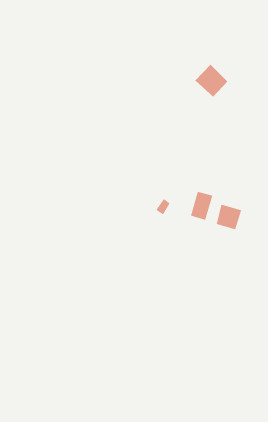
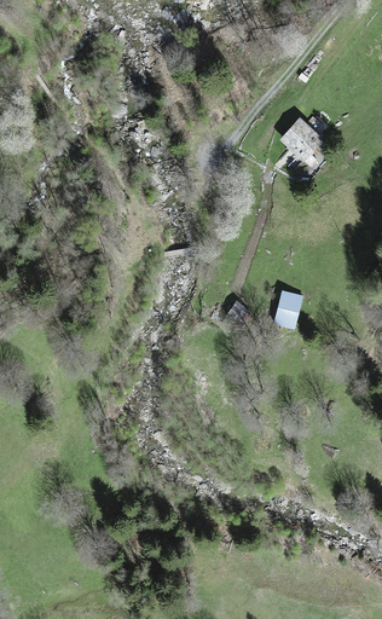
building: [216,204,242,230] -> none

